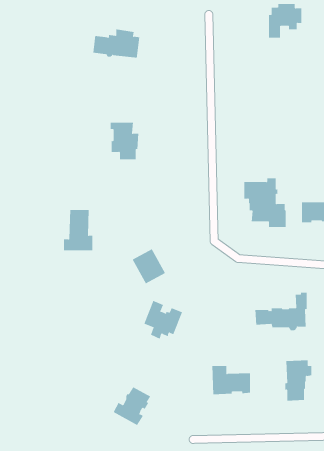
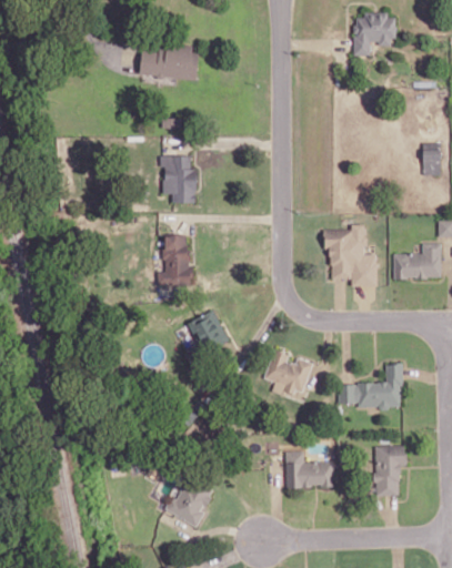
building: [63,210,93,251] -> [157,237,193,287]
building: [144,300,183,340] -> [264,349,312,397]

